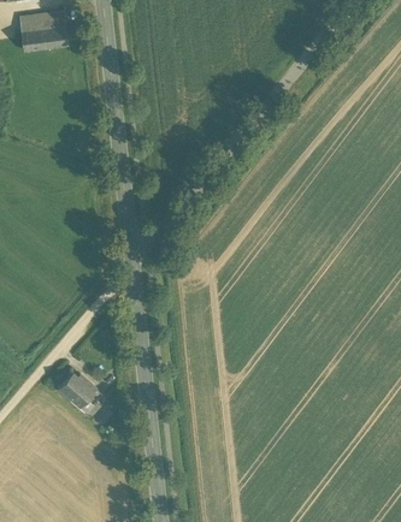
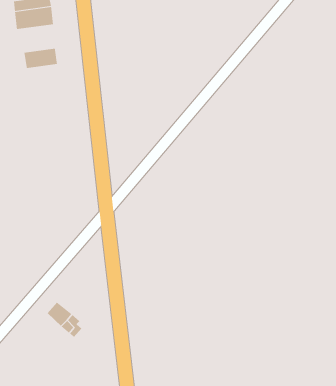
building: none -> [24,48,58,69]

